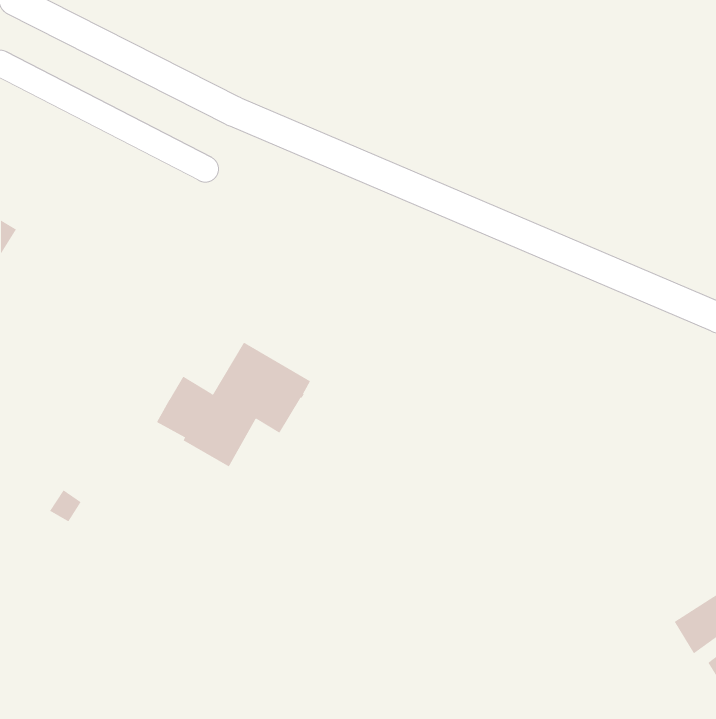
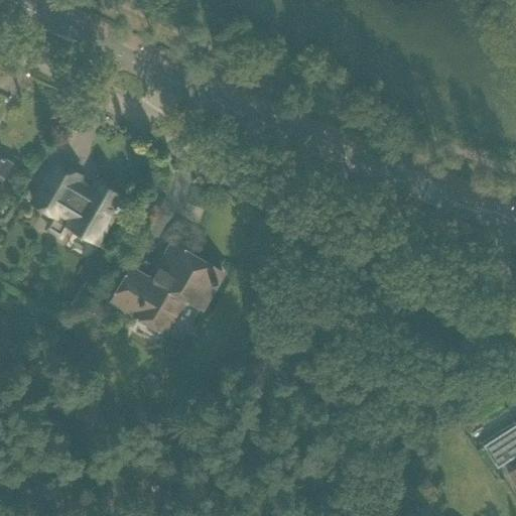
building: none -> [34,162,125,243]

